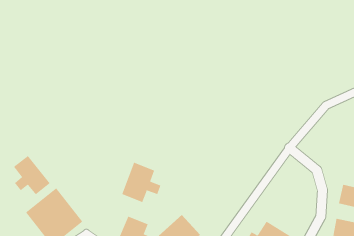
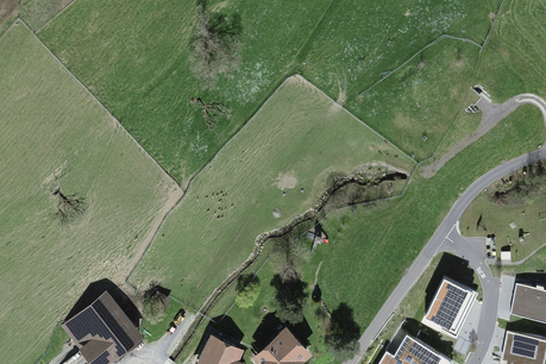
building: [13,155,51,195] -> none
building: [121,162,161,203] -> none
building: none -> [426,280,473,332]

